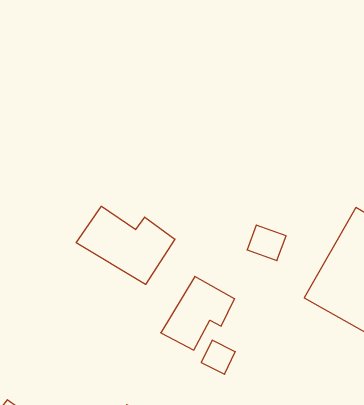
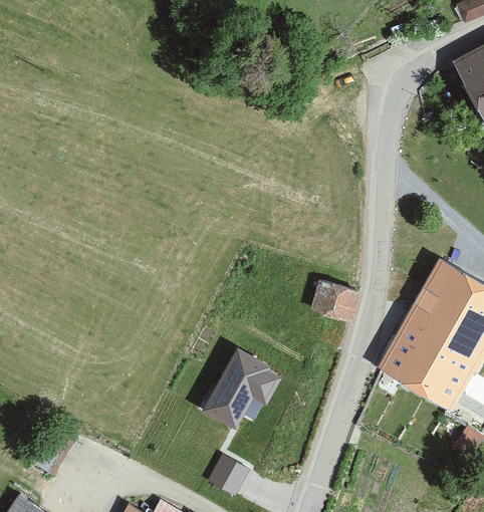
building: [76,206,175,284] -> none
building: [201,340,235,374] -> [208,449,249,490]

